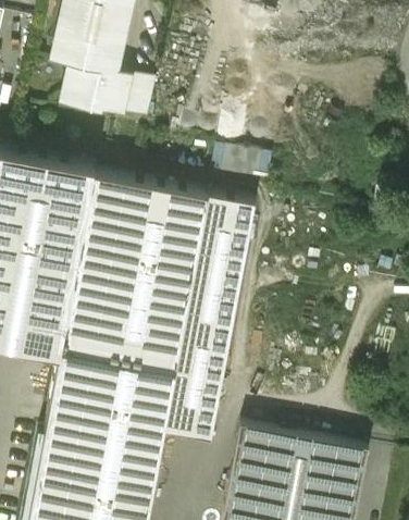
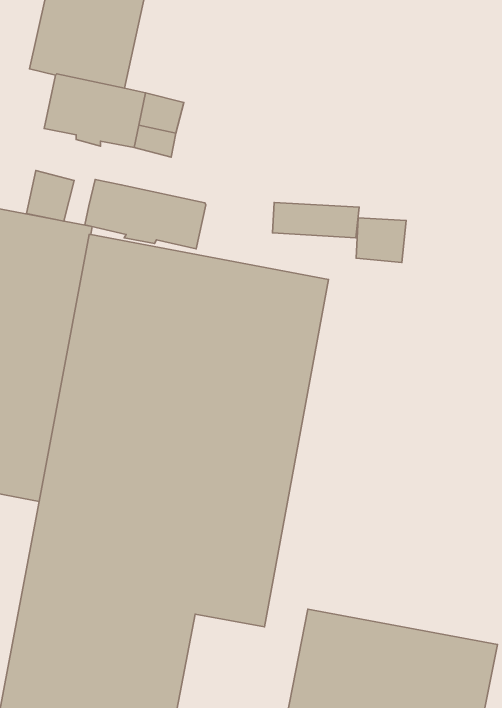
building: none -> [27,170,74,221]
building: none -> [85,179,206,249]
building: none -> [356,218,406,262]

